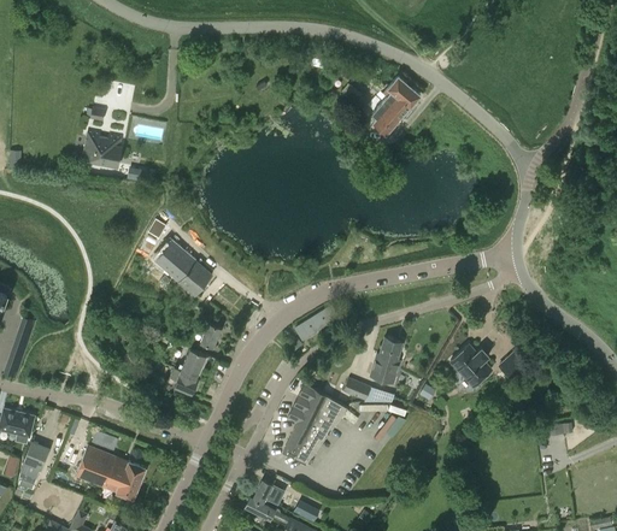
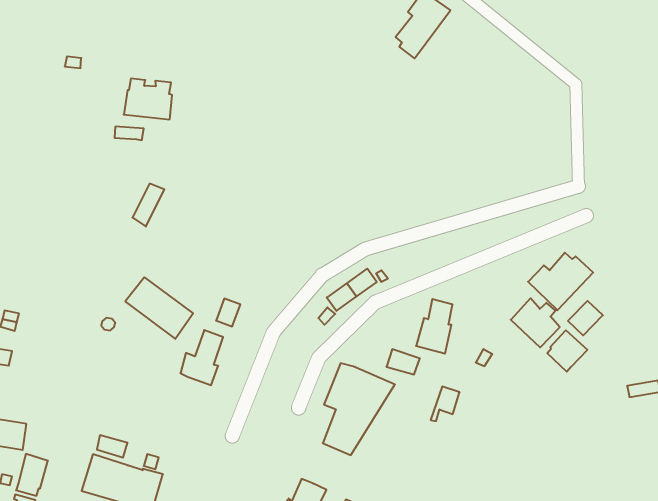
building: [78,131,121,169] -> [124,78,172,119]
building: [154,242,211,296] -> [125,277,193,339]
building: none -> [528,253,593,310]
building: none -> [547,330,587,372]

